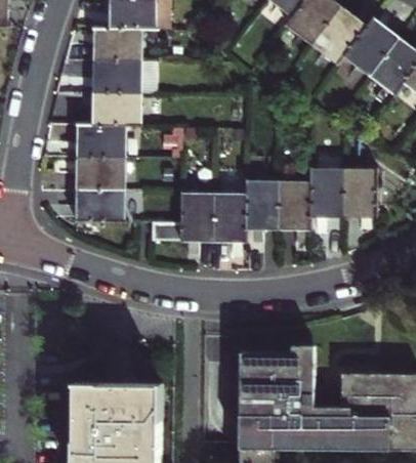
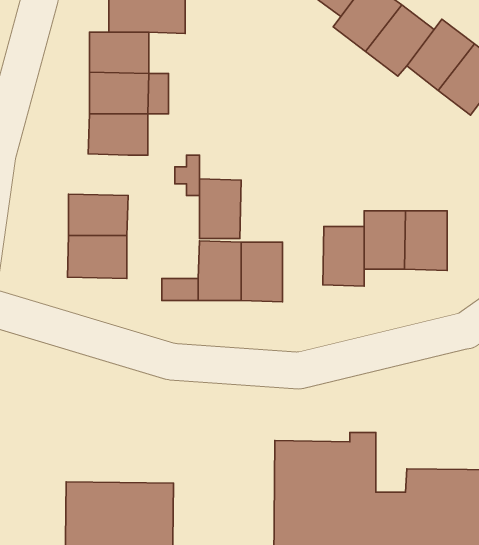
building: [77,124,124,157] -> none
building: [246,180,279,227] -> [200,179,241,239]

